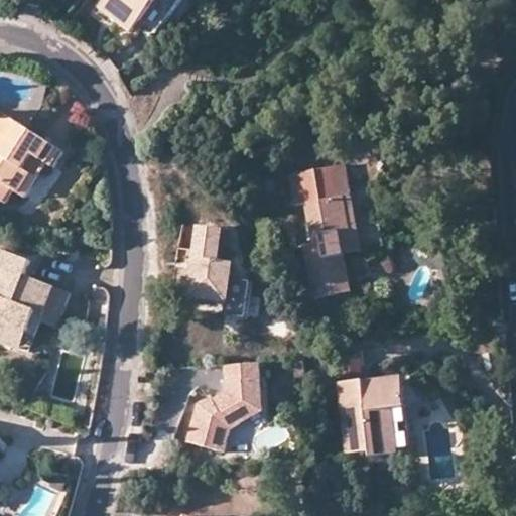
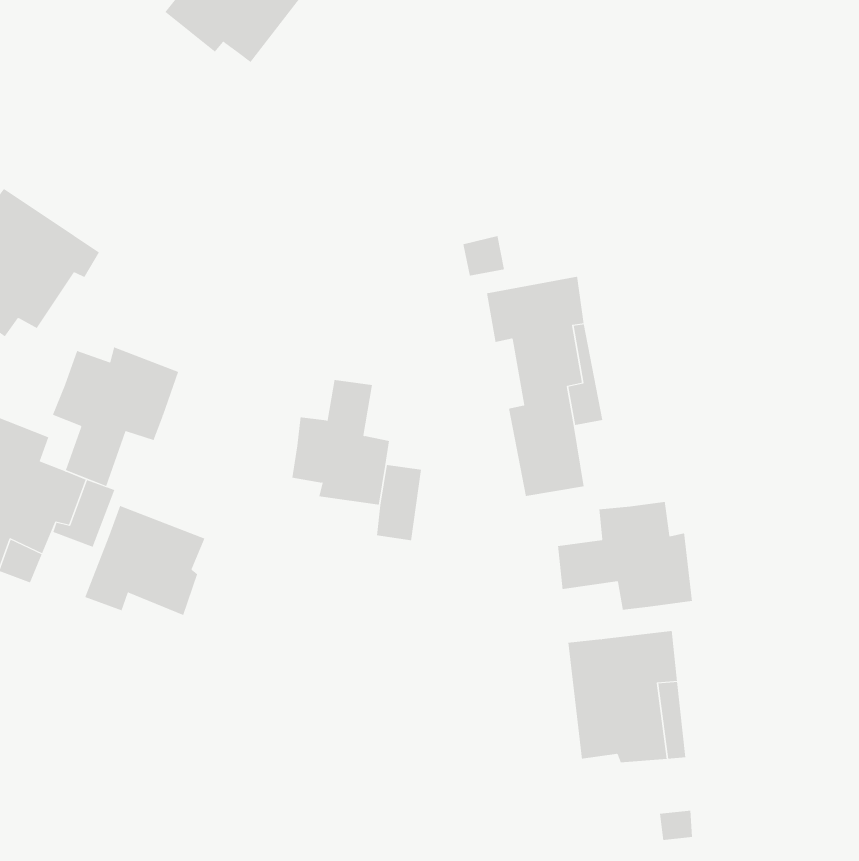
building: none -> [52,347,179,487]
building: none -> [558,501,692,611]
building: none -> [85,505,205,616]
building: [185,362,262,452] -> none

